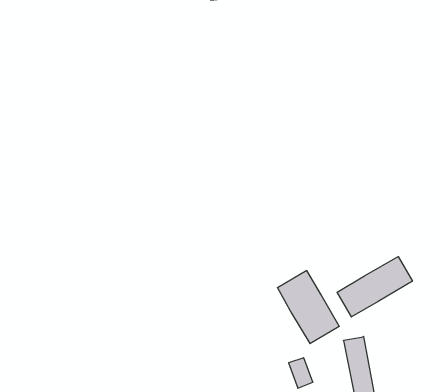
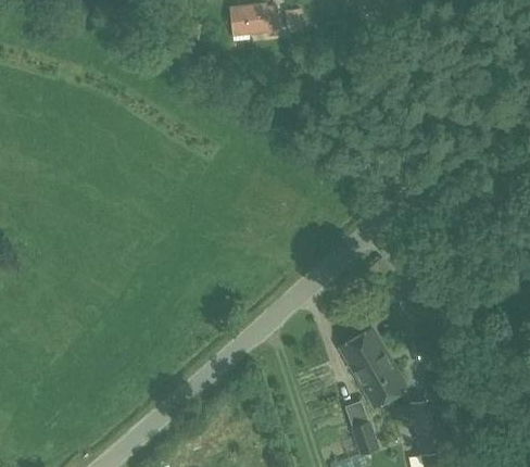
building: [337,257,412,317] -> none

